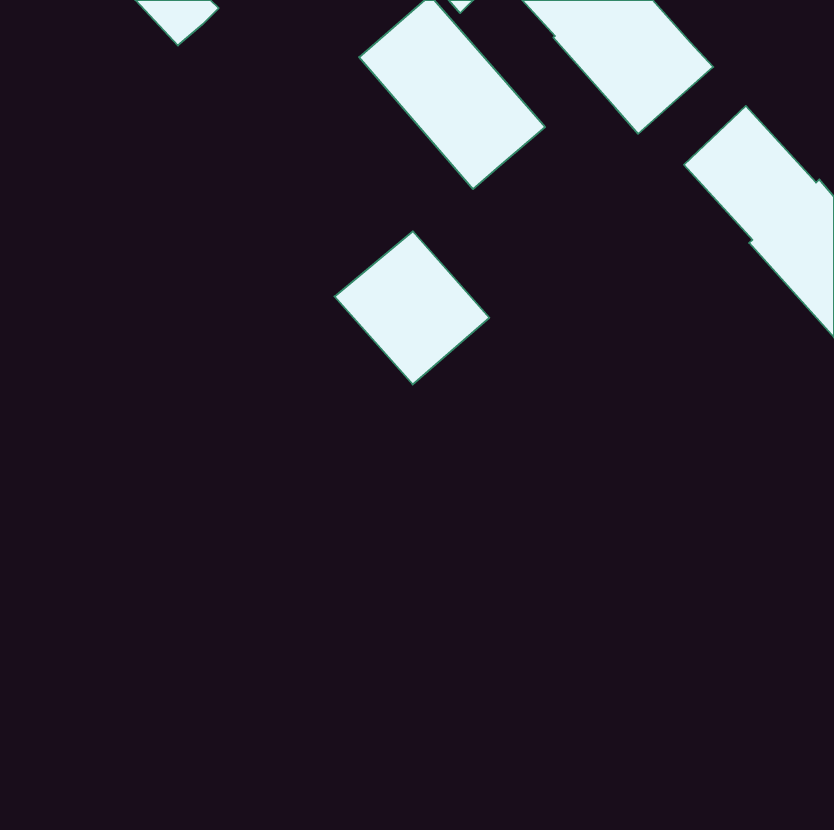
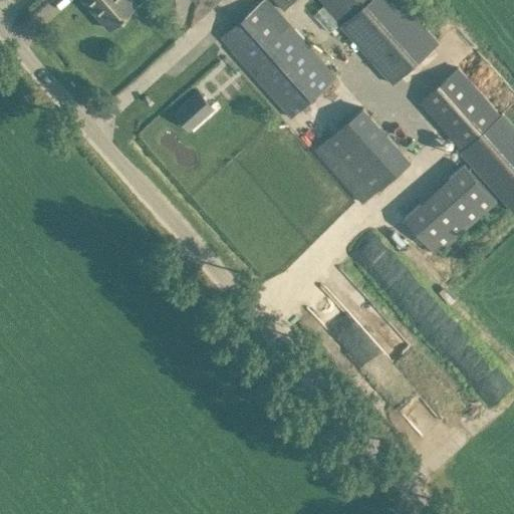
building: [334,231,489,385] -> [315,109,411,204]
building: none -> [405,165,497,254]

